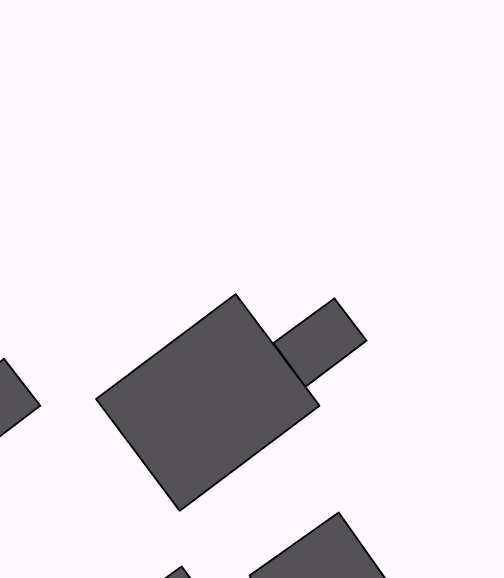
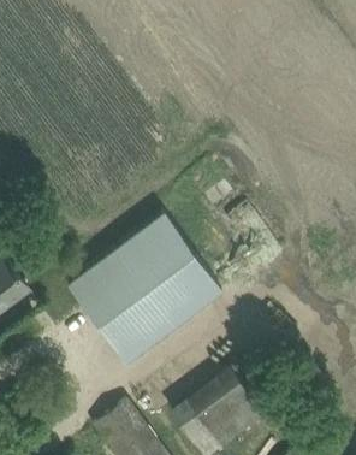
building: [274,298,367,387] -> none

